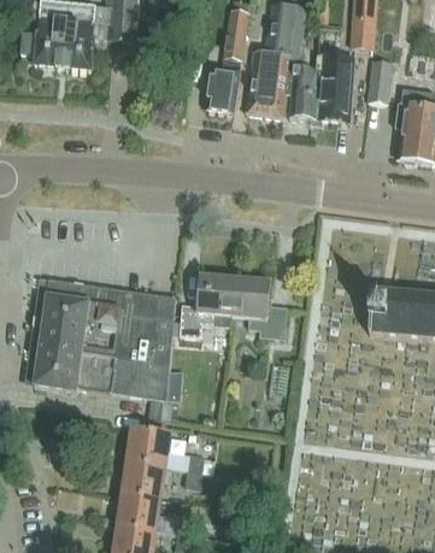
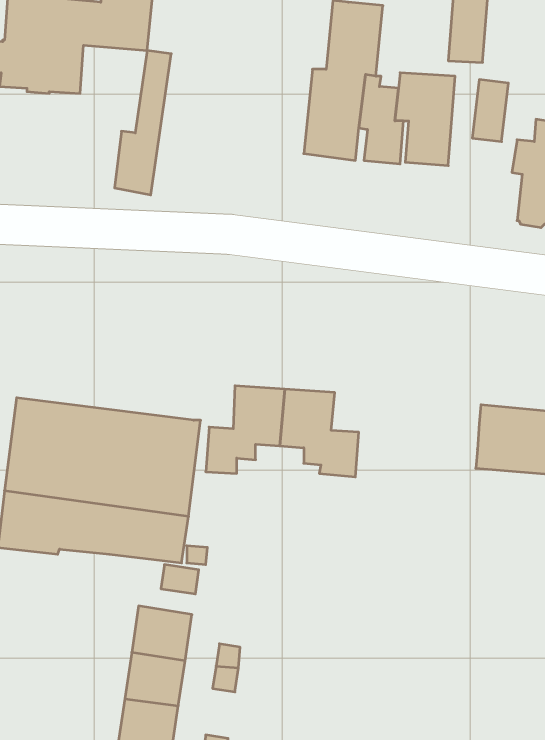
building: [208,8,248,110] -> [115,50,171,195]

